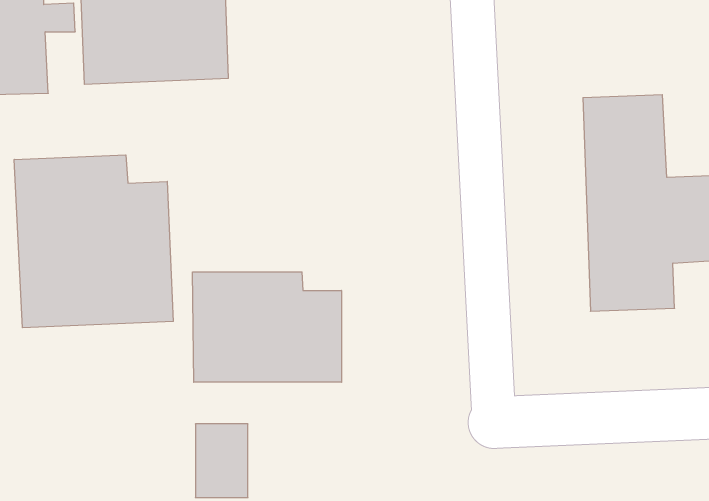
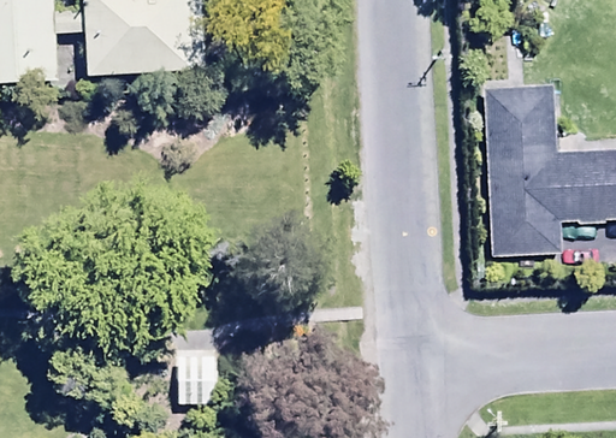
building: [14,155,173,328] -> none
building: [193,272,342,382] -> none

